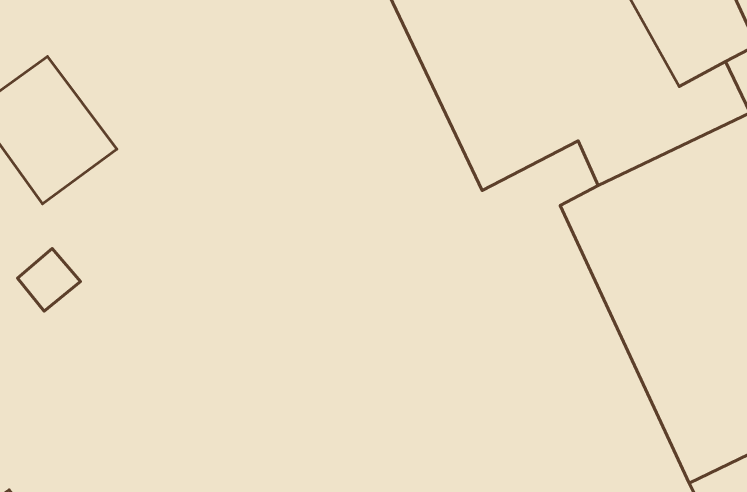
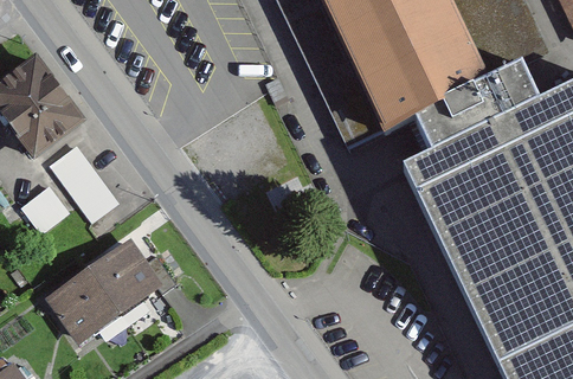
building: none -> [56,153,124,229]
building: none -> [44,238,166,348]

